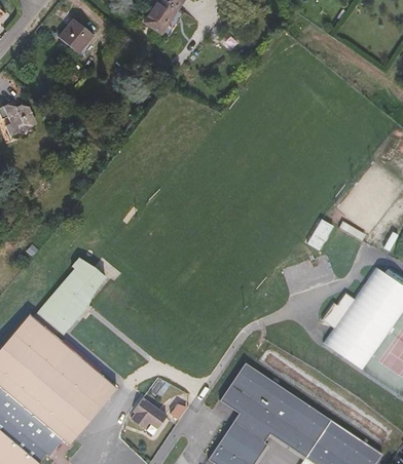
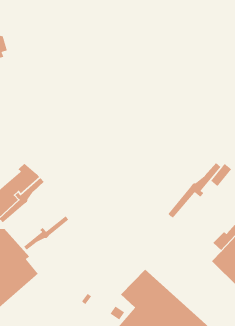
building: none -> [168,162,221,219]
building: none -> [23,216,69,251]
building: [131,397,167,428] -> none

